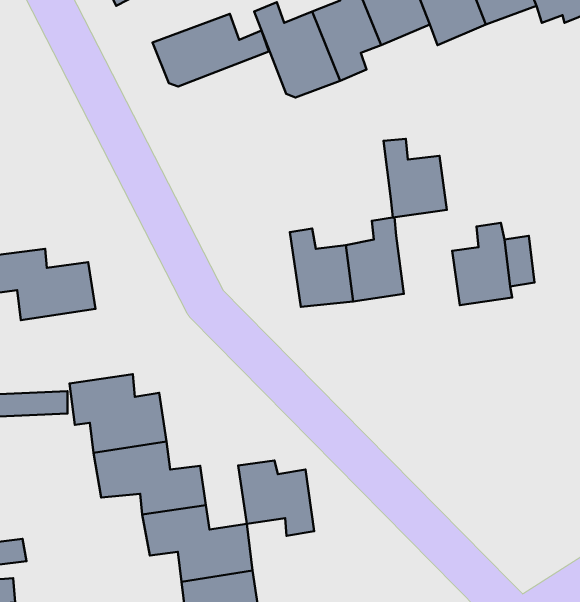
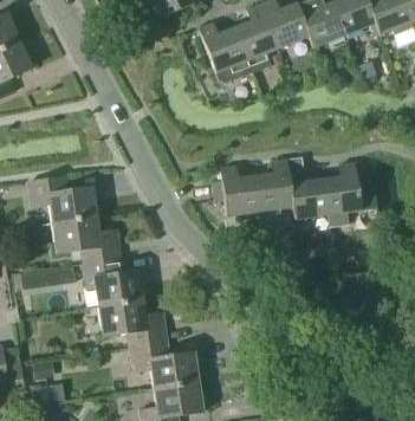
building: [153,14,269,87] -> none
building: [383,139,447,217] -> [287,168,328,218]
building: none -> [50,215,121,263]
building: [238,461,314,536] -> none

